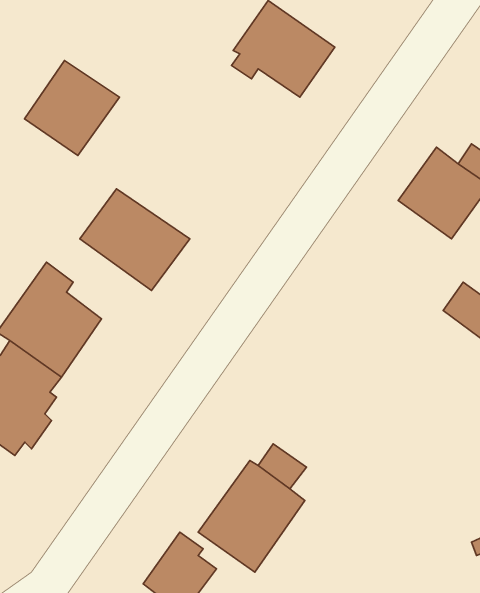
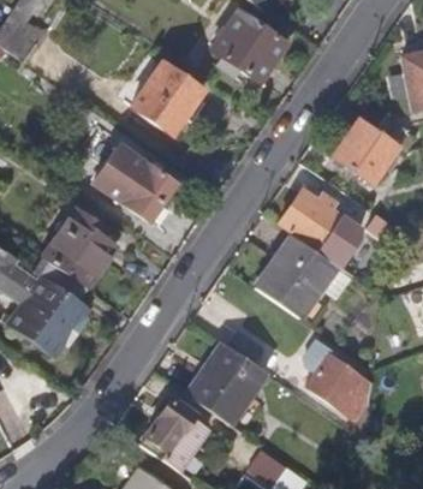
building: [25,60,120,155] -> [132,65,201,133]
building: none -> [280,187,348,250]
building: none -> [252,238,332,318]
building: none -> [305,353,374,419]

